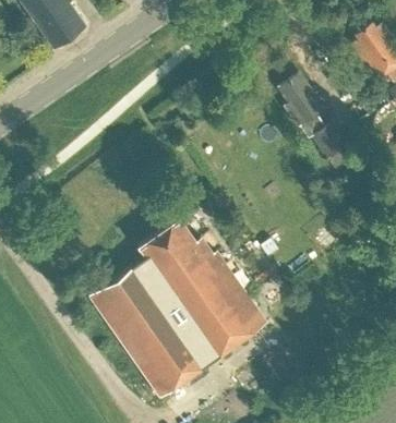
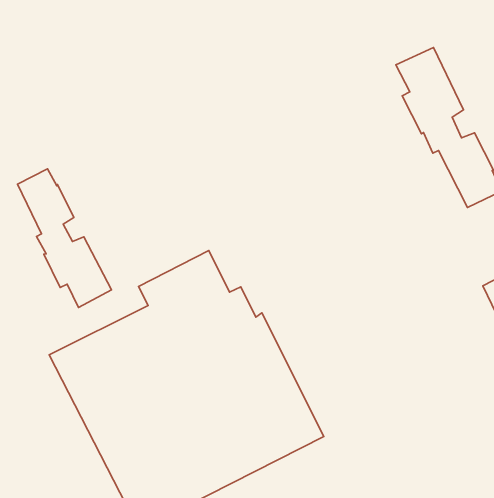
building: none -> [17,169,111,308]

